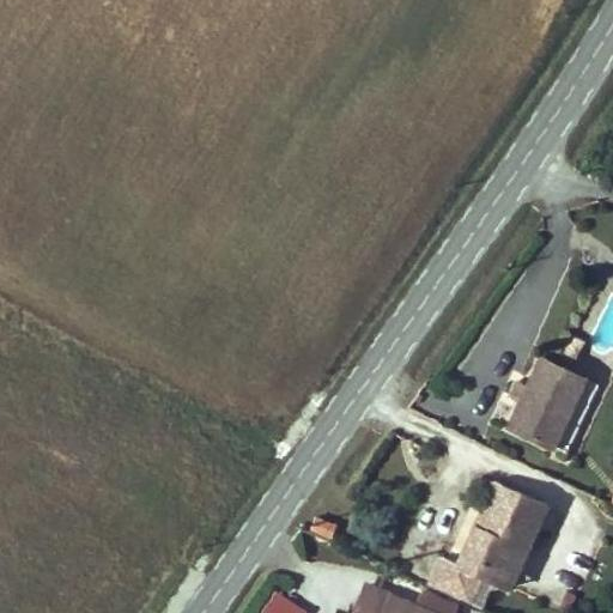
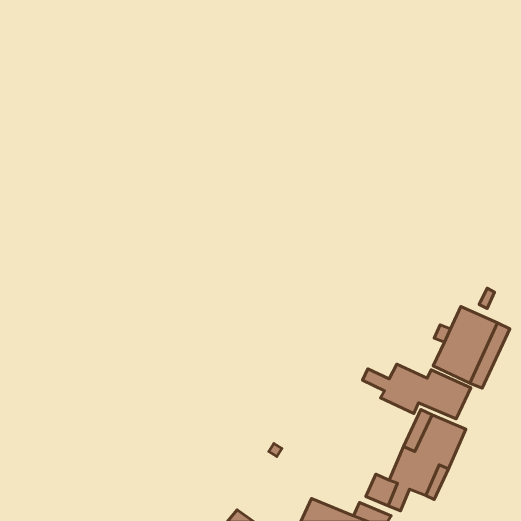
building: none -> [363,364,471,419]

